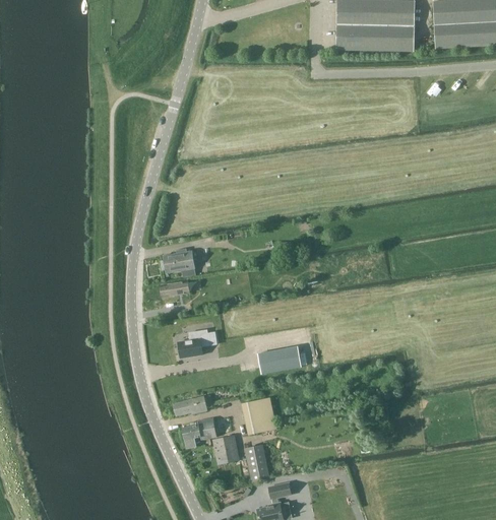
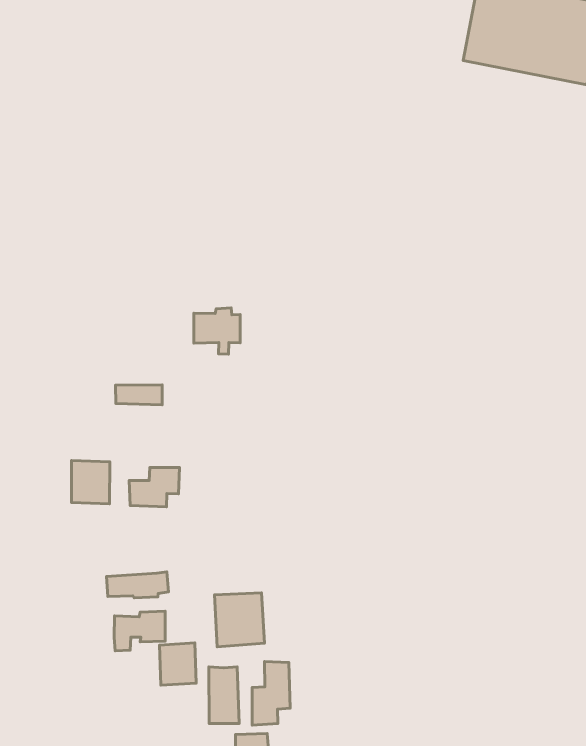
building: [163,247,194,276] -> [194,308,240,354]
building: none -> [71,461,110,504]
building: [257,346,301,373] -> none
building: none -> [252,662,290,725]

